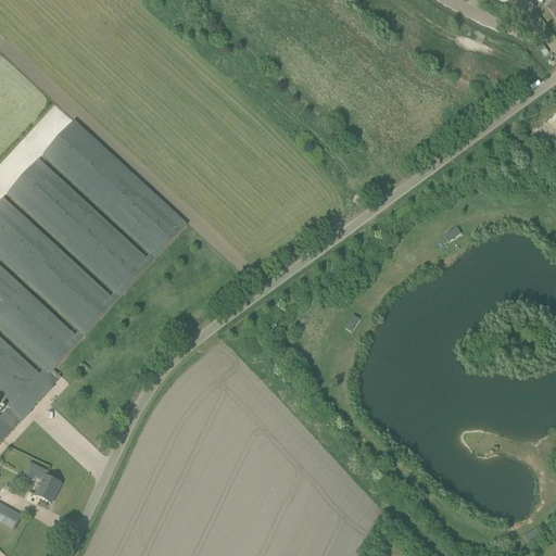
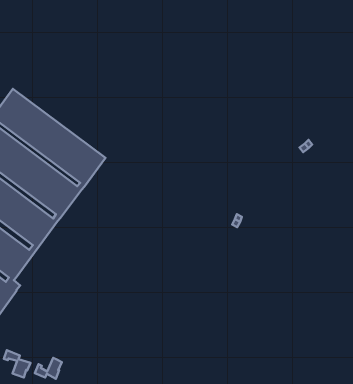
building: none -> [35,358,62,379]

